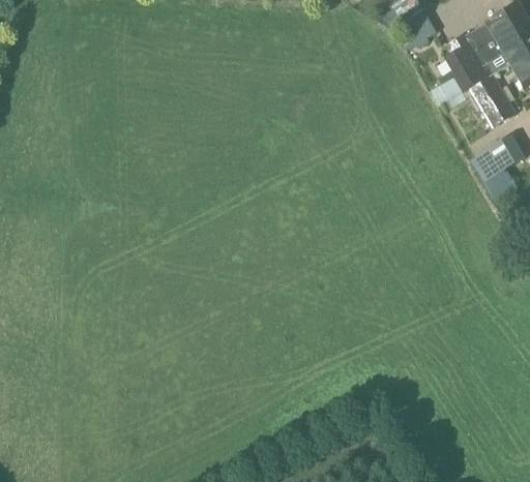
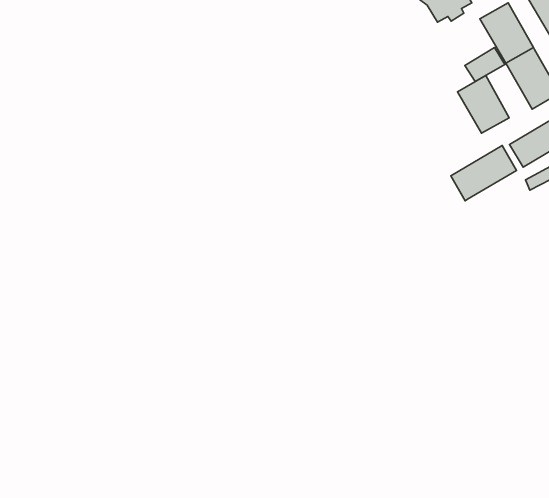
building: none -> [458,75,509,133]
building: none -> [451,146,516,201]

